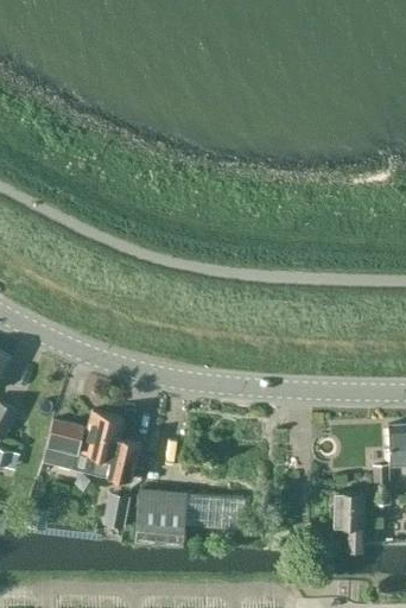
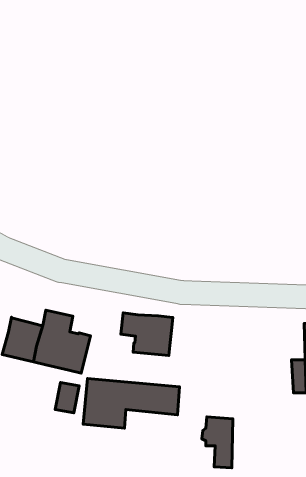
building: none -> [121,313,173,355]
building: [329,493,364,551] -> [202,417,233,468]

